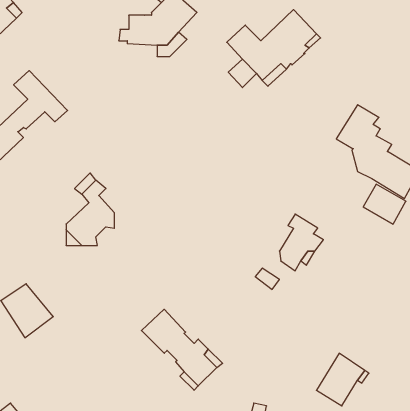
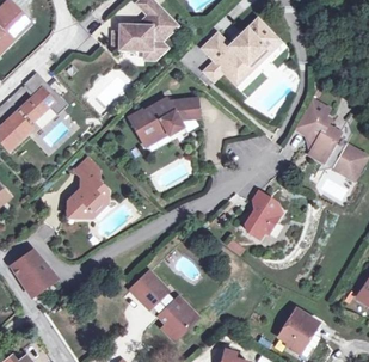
building: none -> [131,98,201,146]

